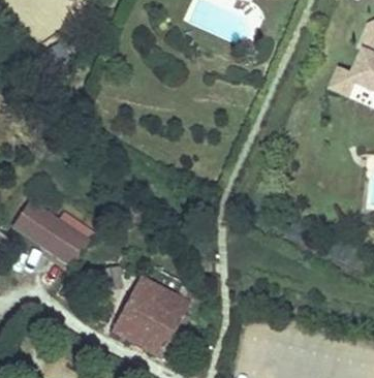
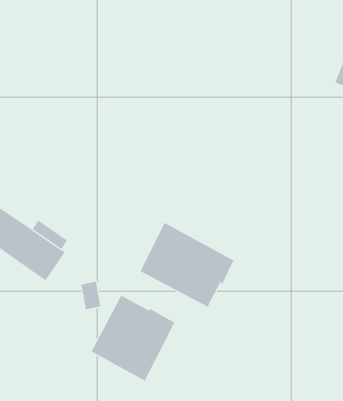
building: none -> [140,222,234,308]

